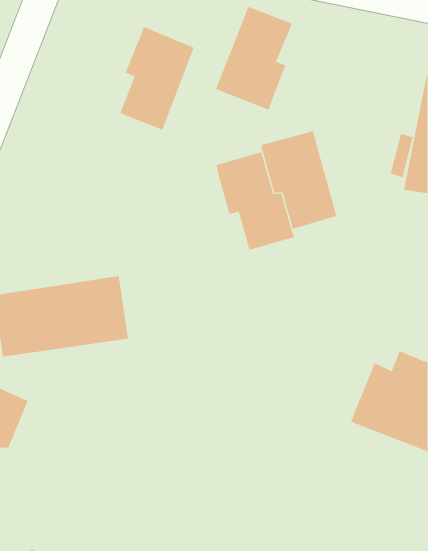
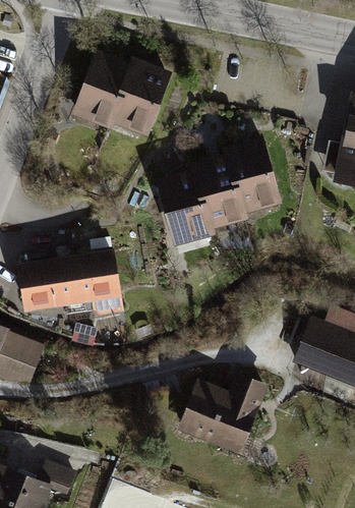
building: [215,6,293,110] -> [71,50,131,130]
building: none -> [156,170,217,247]
building: none -> [178,373,269,455]

